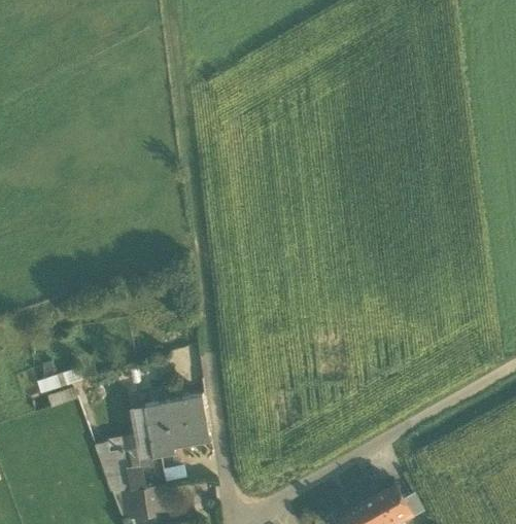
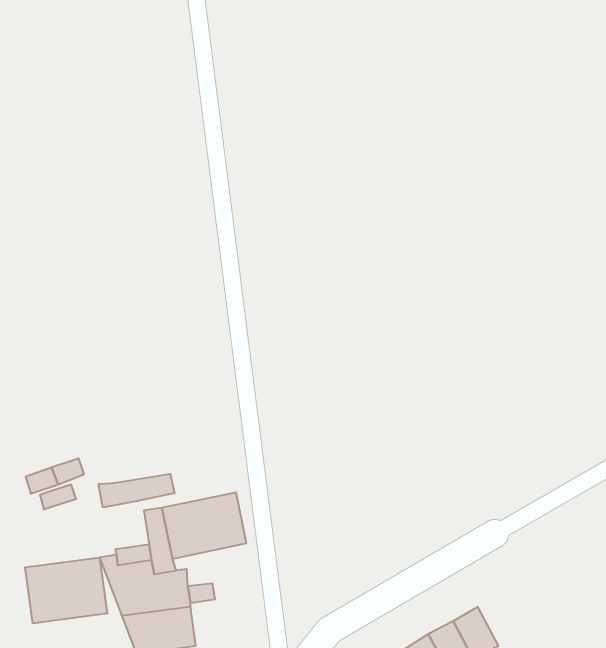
building: none -> [99,474,175,507]
building: none -> [25,557,107,623]

